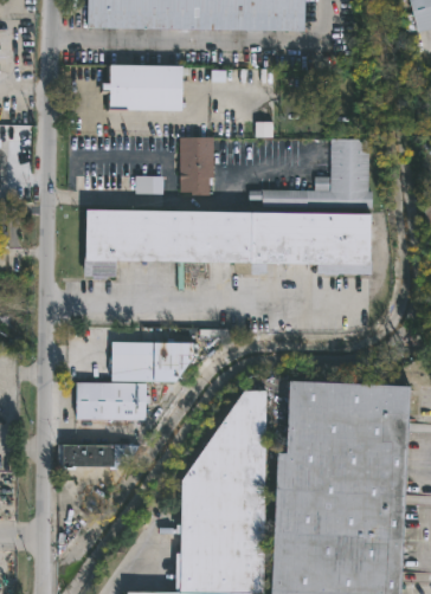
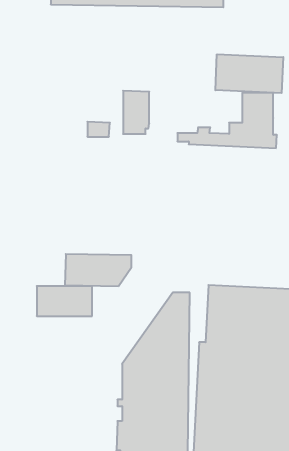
building: [97,64,178,109] -> none
building: none -> [215,54,283,93]
building: [78,209,368,279] -> none
building: [59,444,141,470] -> none

